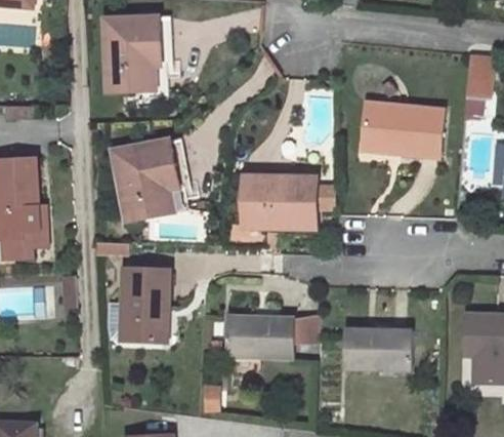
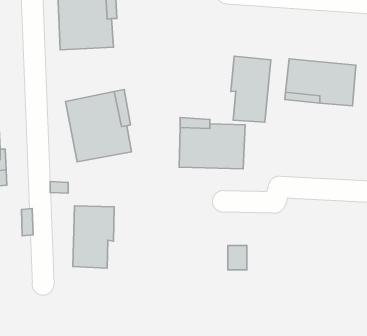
building: none -> [231,56,271,122]
building: [225,316,293,357] -> none
building: [344,328,411,370] -> none

